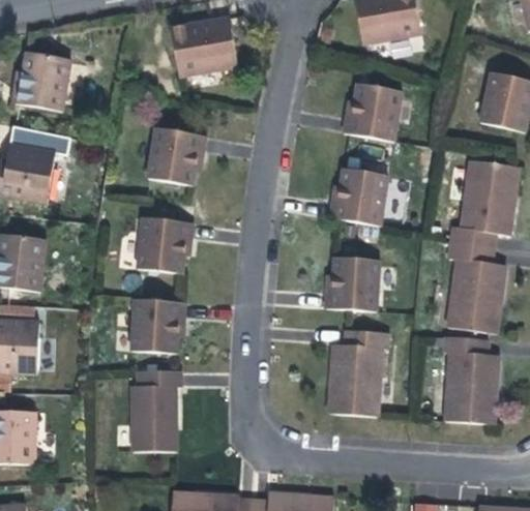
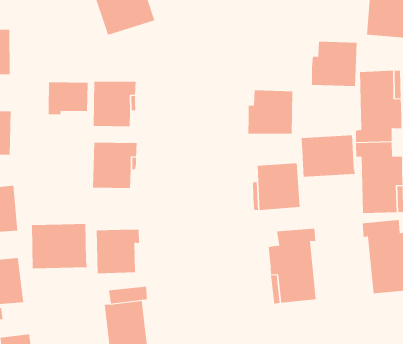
building: [341,82,402,141] -> [311,41,357,87]
building: none -> [48,82,88,115]
building: none -> [301,134,355,178]
building: none -> [31,223,87,269]

